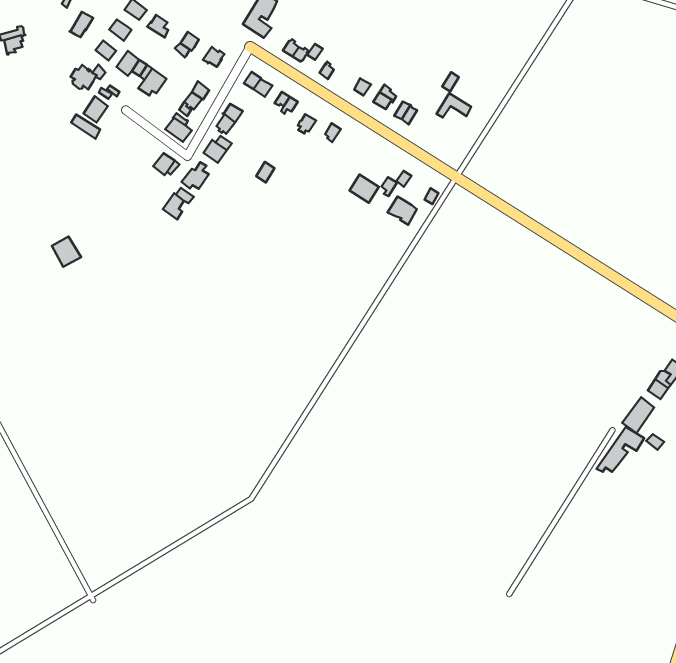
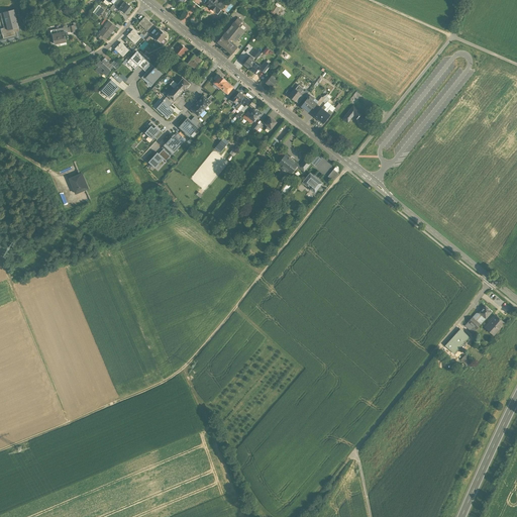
building: [597,427,644,472] -> none

